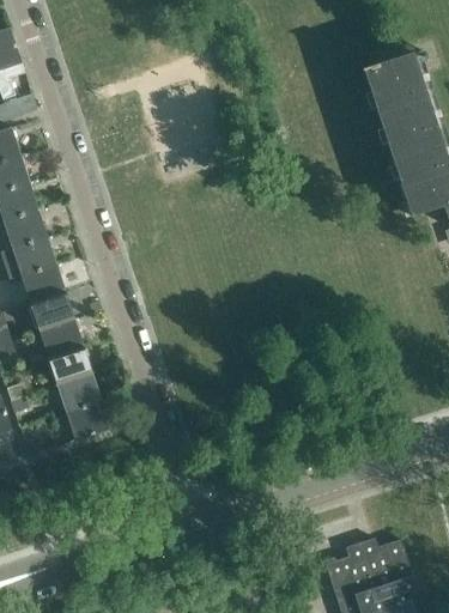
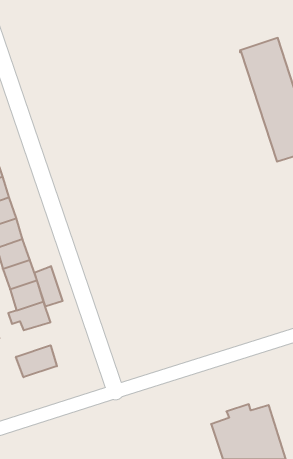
building: none -> [34,266,63,306]
building: none -> [16,345,57,377]

